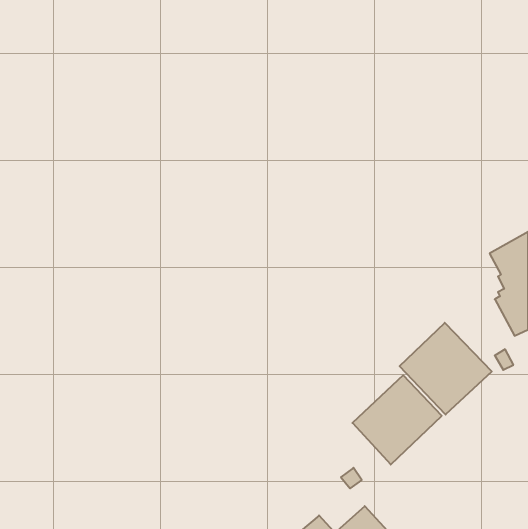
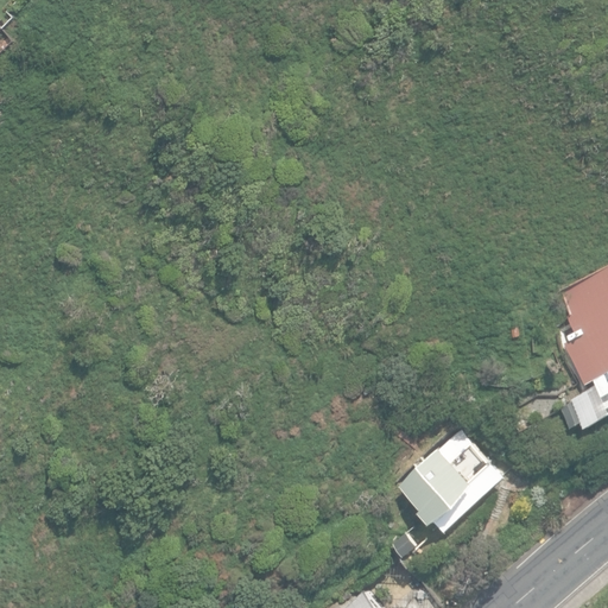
building: [400,323,492,415] -> none

